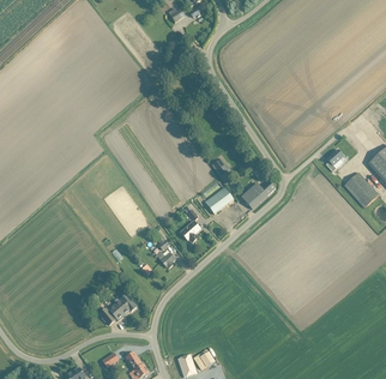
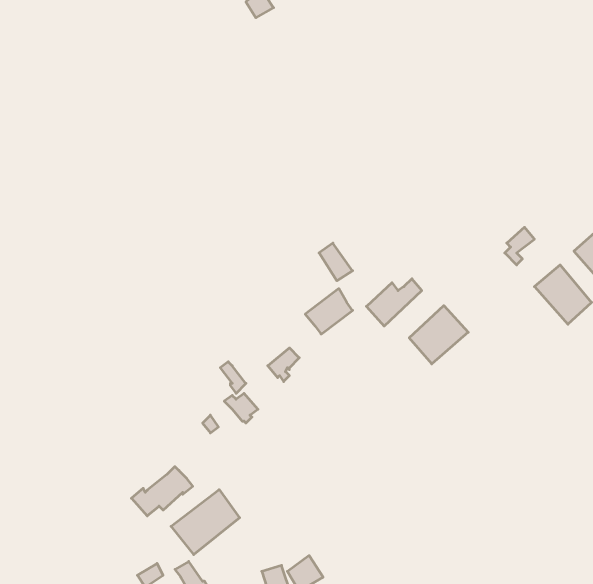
building: none -> [409,306,468,364]
building: none -> [171,490,240,555]

